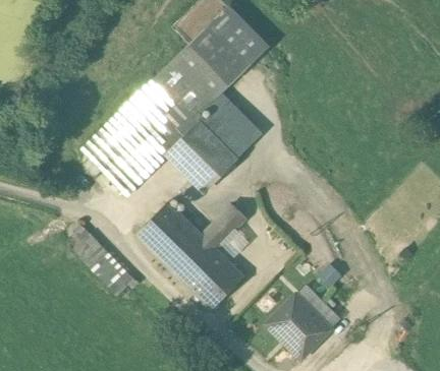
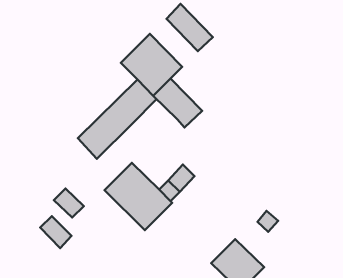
building: [191,22,251,82] -> none
building: [82,77,176,170] -> none
building: [169,122,235,189] -> none
building: [185,249,244,309] -> none
building: [96,253,134,293] -> [40,216,72,248]

